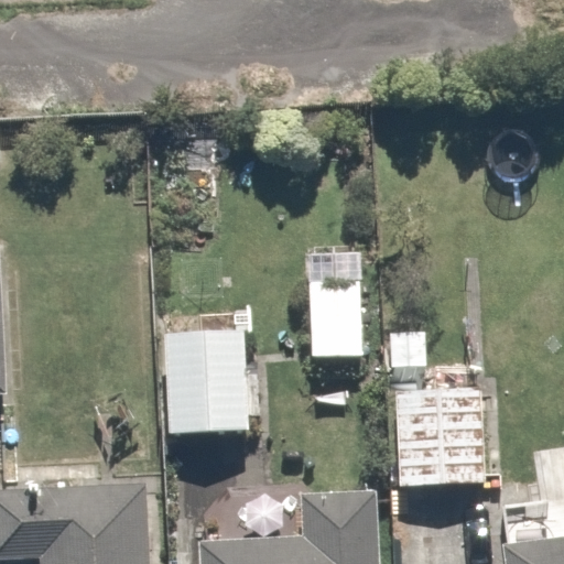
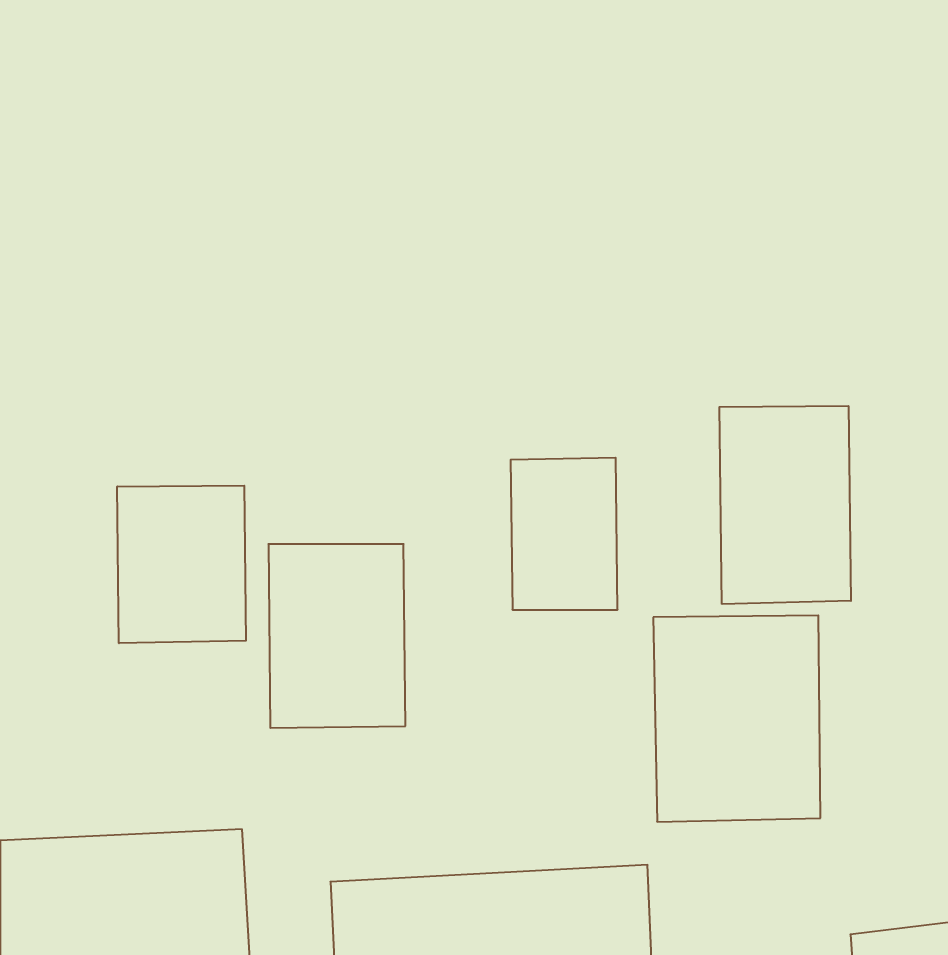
building: none -> [719,406,851,604]
building: none -> [117,486,246,643]

